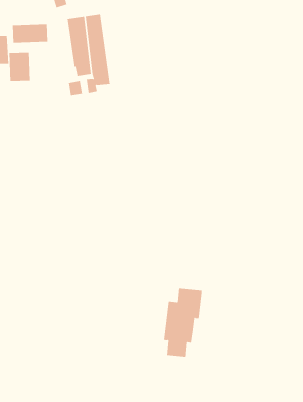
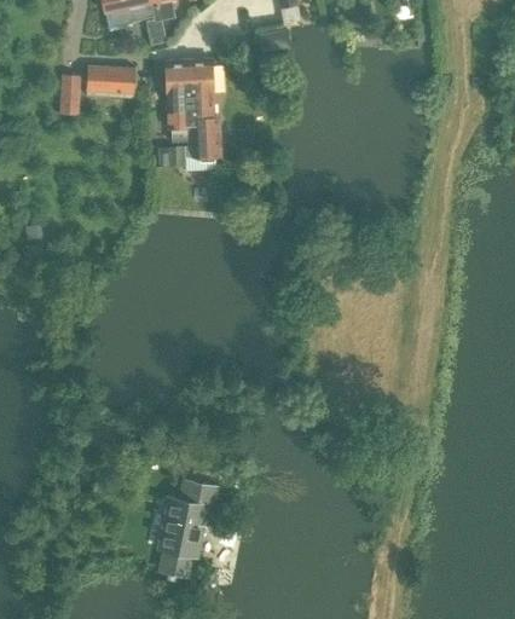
building: [9,52,30,82] -> none
building: [163,288,203,357] -> [157,481,216,577]

